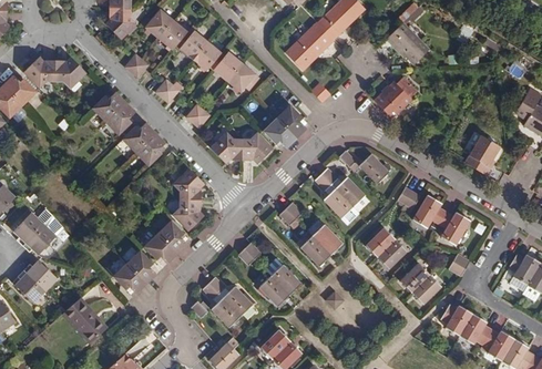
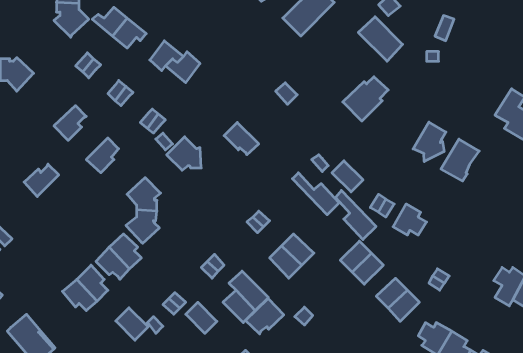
building: [285,22,333,69] -> none
building: [175,32,206,61] -> none
building: [226,64,257,93] -> none
building: [92,92,124,122] -> none
building: [274,106,305,139] -> none
building: none -> [413,122,446,162]
building: [122,123,154,153] -> [24,164,59,197]
building: [239,133,272,164] -> none
building: [319,171,357,216] -> [335,190,376,240]
building: [441,211,472,240] -> none
building: none -> [245,299,284,334]
building: [214,296,244,326] -> [116,308,148,340]

